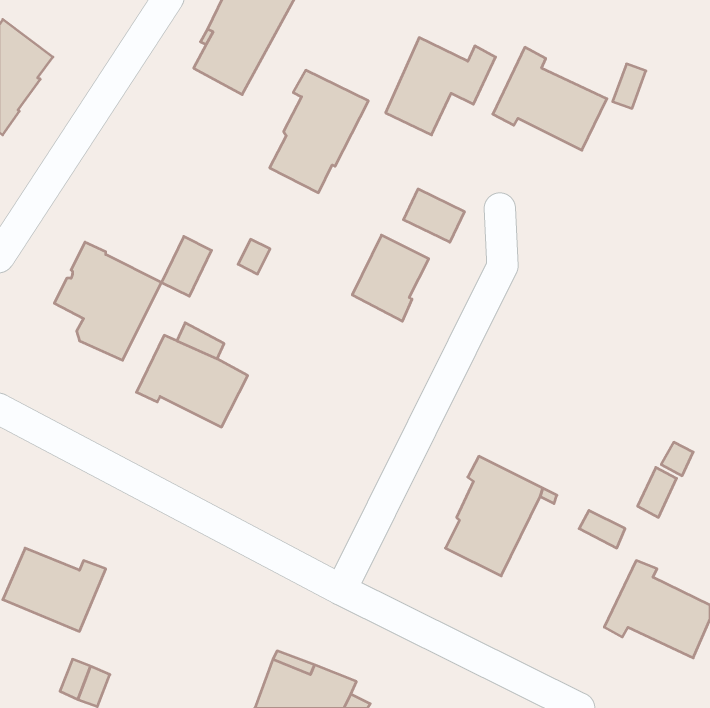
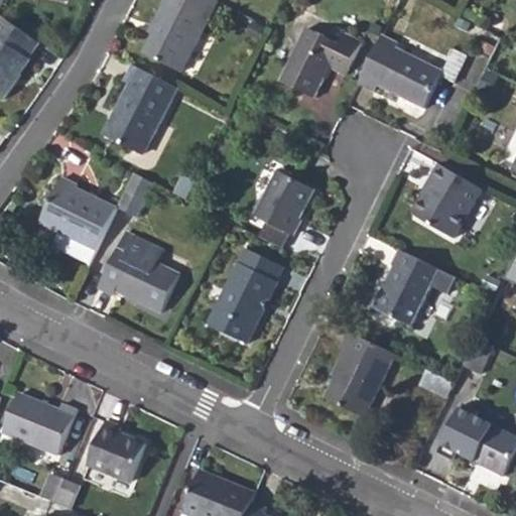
building: [270,70,368,193] -> [105,63,176,152]
building: [403,189,464,242] -> none
building: none -> [414,165,480,241]
building: none -> [208,246,282,341]
building: none -> [374,250,454,326]
building: none -> [88,424,146,485]

